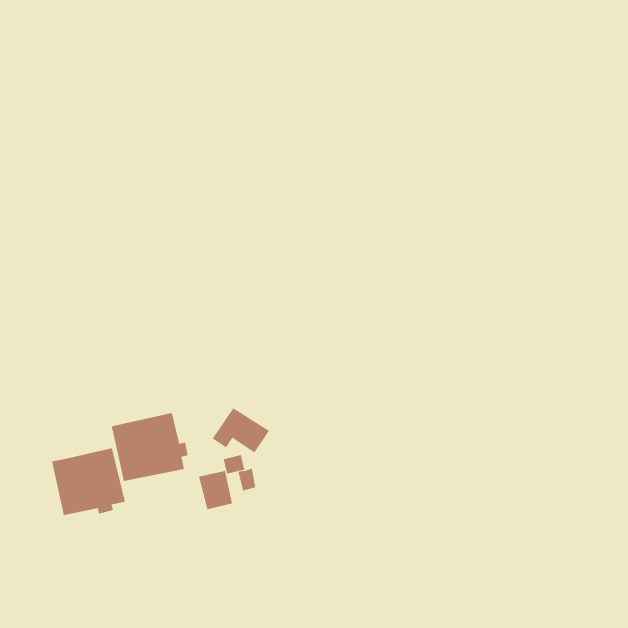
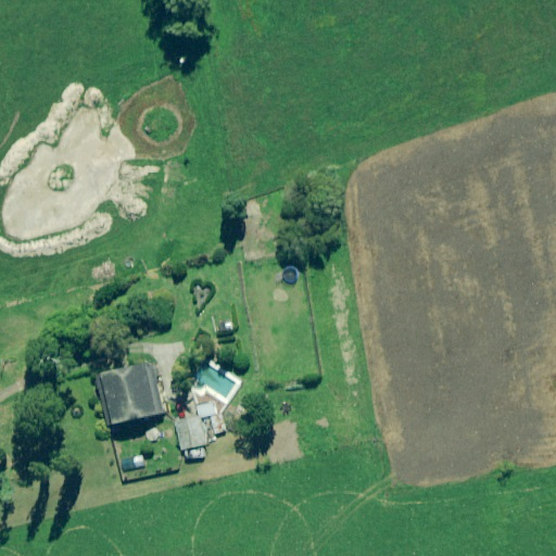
building: [51,448,126,516] -> none

